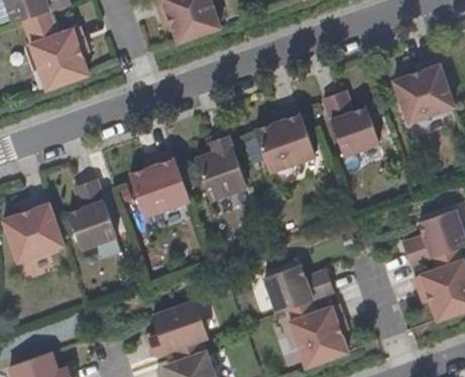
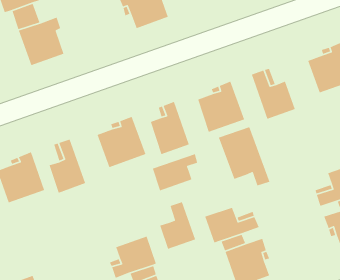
building: none -> [218,126,270,186]
building: none -> [152,153,198,192]
building: none -> [159,201,196,250]

